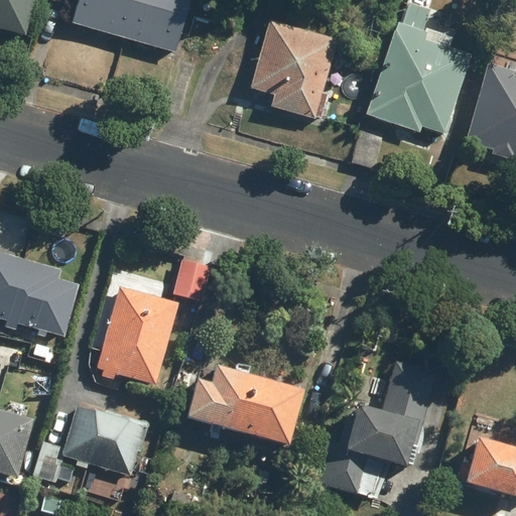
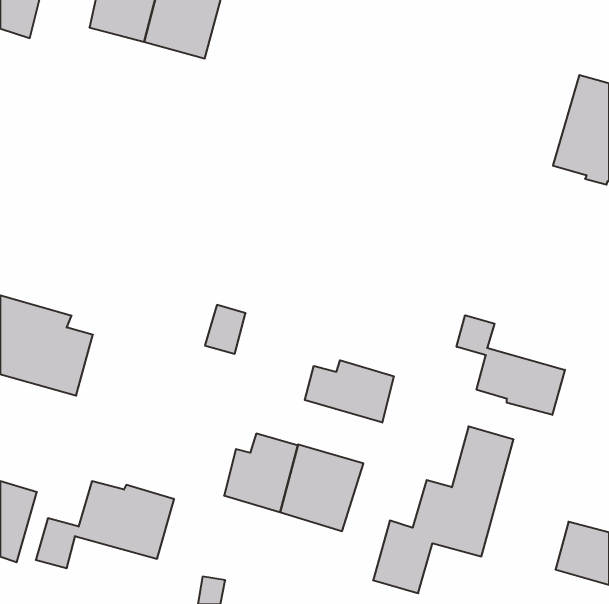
building: [368,4,470,130] -> none
building: [253,20,335,117] -> none
building: none -> [457,315,565,415]
building: [98,286,176,384] -> none
building: none -> [305,360,394,423]

